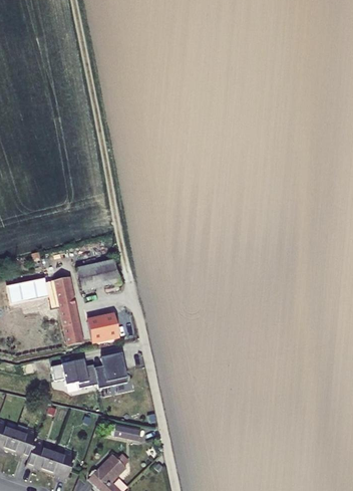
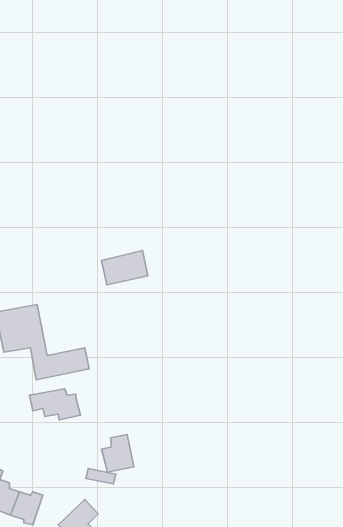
building: [76,261,118,292] -> [101,250,148,285]
building: [103,350,132,385] -> [102,435,134,472]

